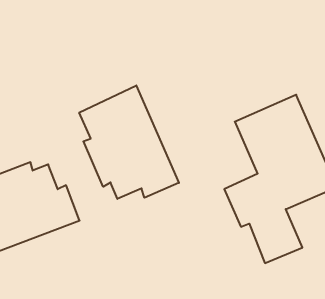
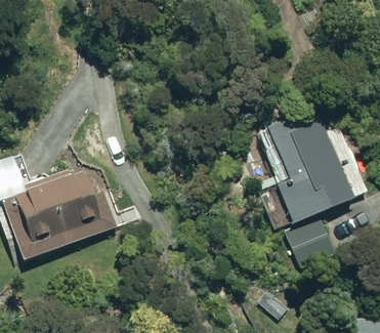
building: [79,85,179,199] -> none

